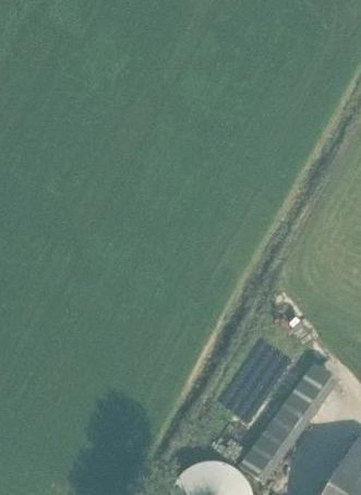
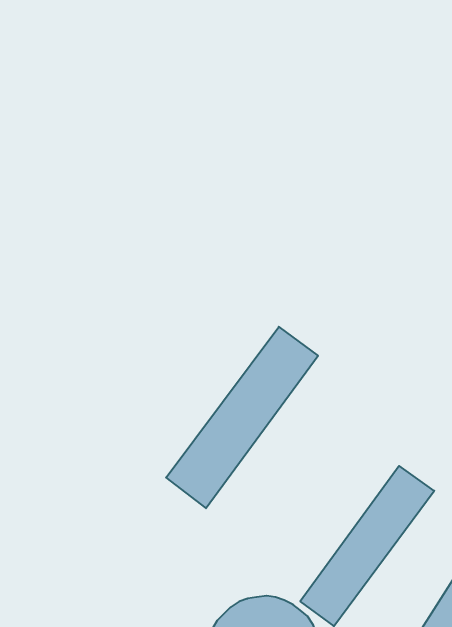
building: none -> [166,327,318,508]

